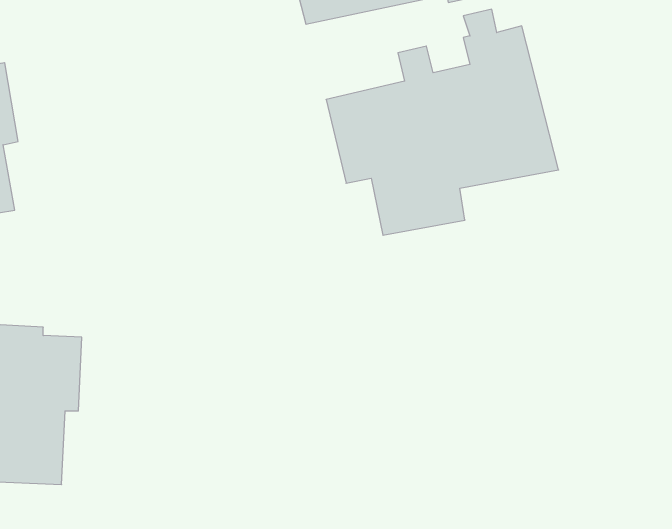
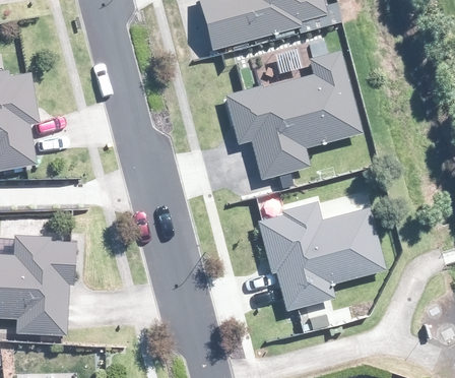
building: none -> [257,200,387,310]

